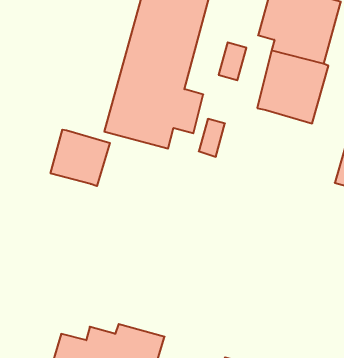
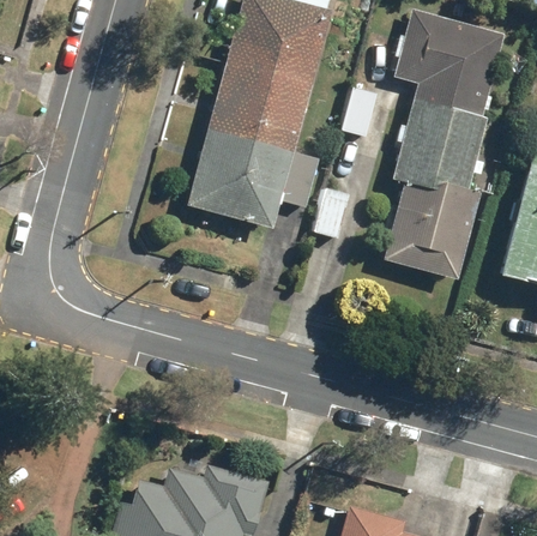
building: none -> [380,177,477,282]
building: [51,130,110,186] -> none

